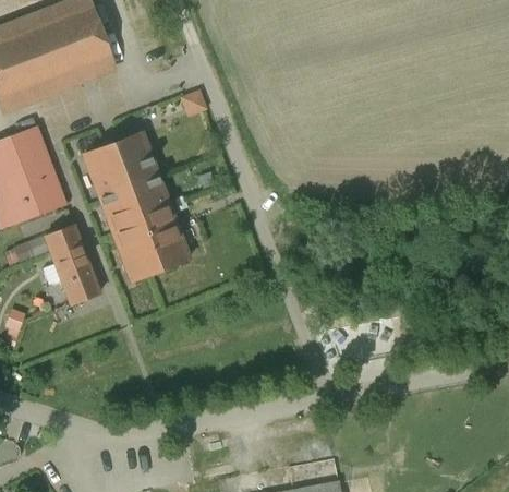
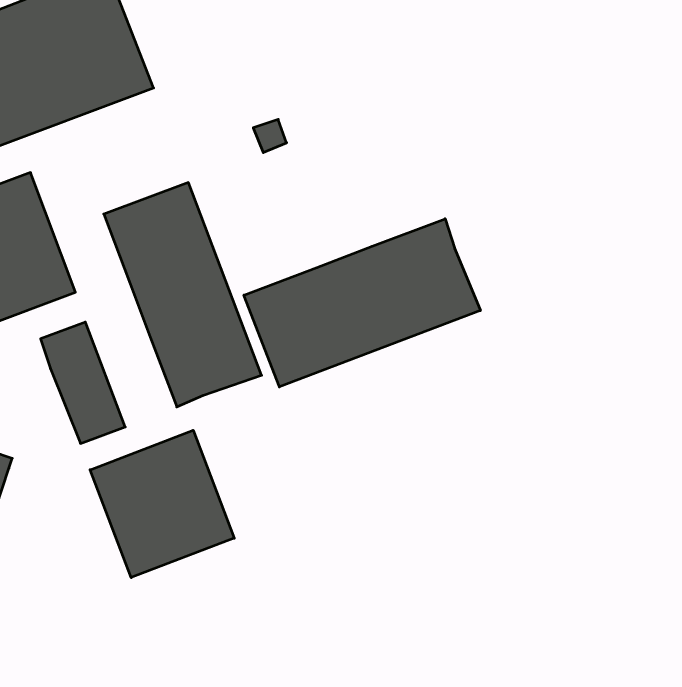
building: none -> [244,219,480,387]
building: none -> [90,430,234,578]

